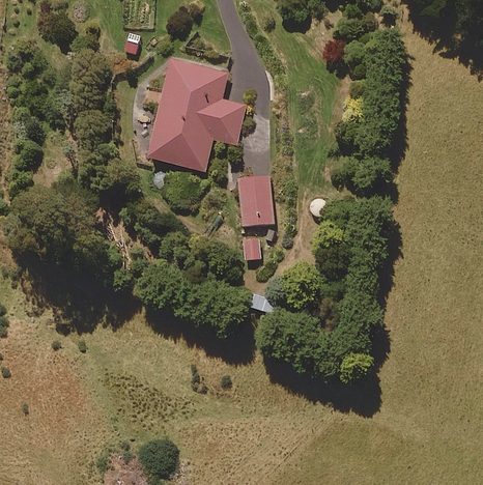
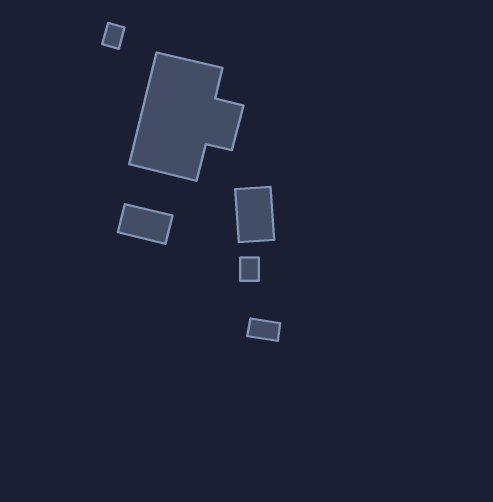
building: none -> [118,204,172,244]

